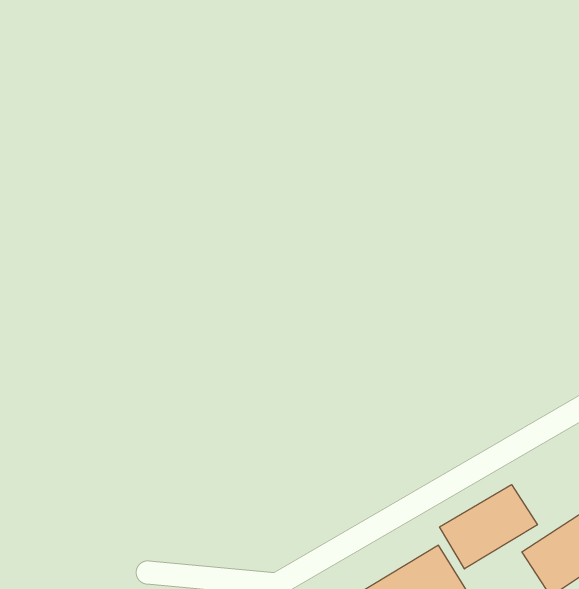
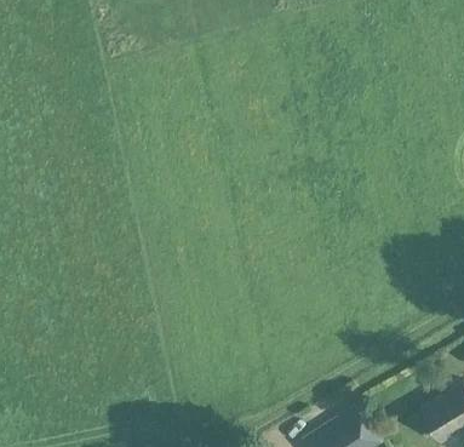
building: [440,485,537,569] -> none

